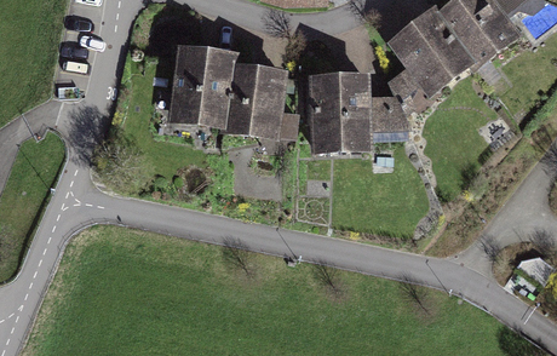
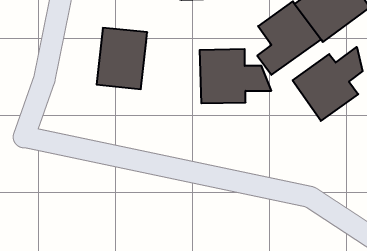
building: [229,64,298,139] -> none
building: none -> [293,47,363,121]

